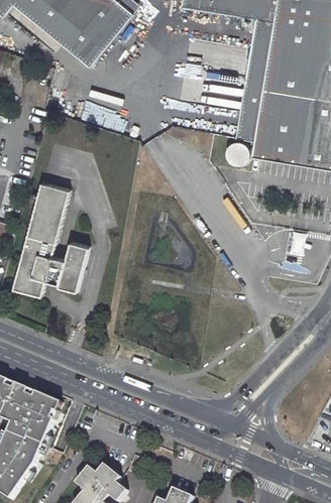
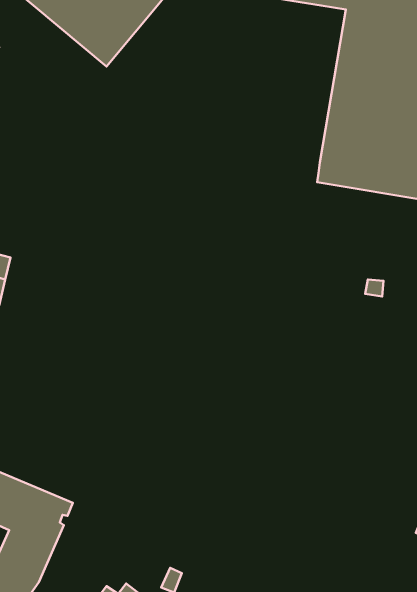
building: [213,17,273,147] -> none
building: [13,180,91,294] -> none

